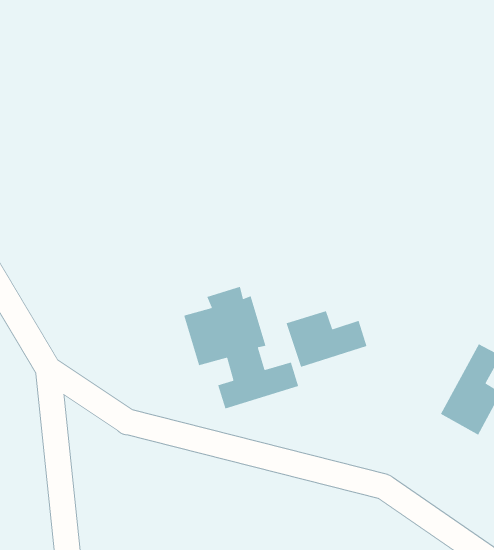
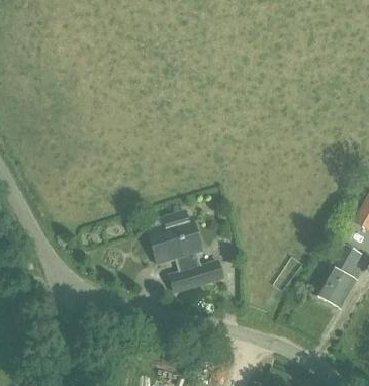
building: [286,310,368,368] -> none

